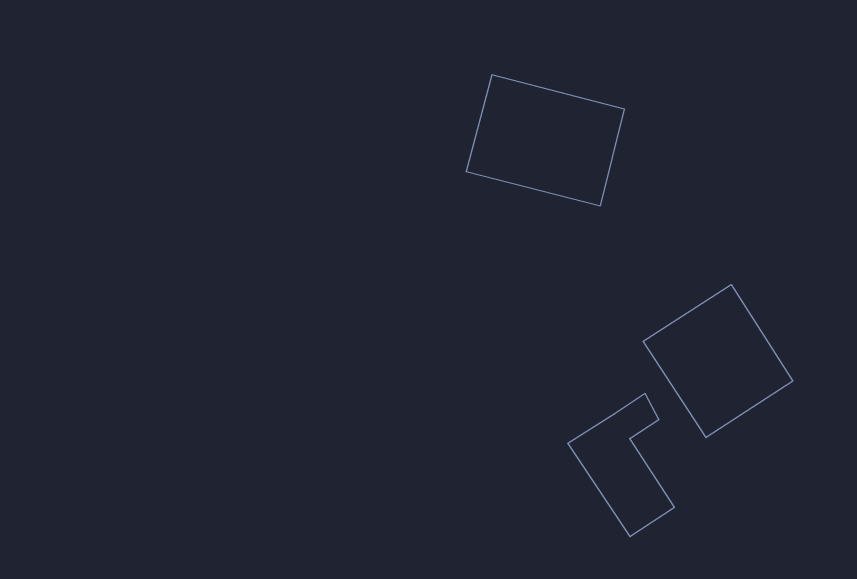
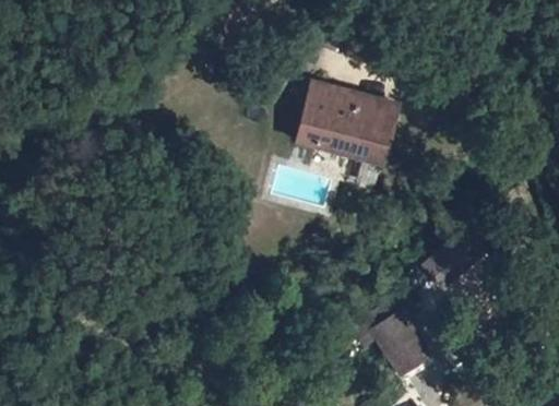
building: [643,285,793,438] -> none

